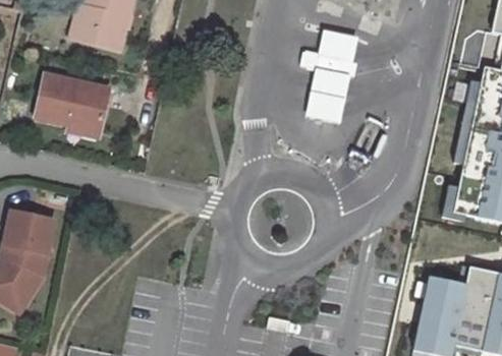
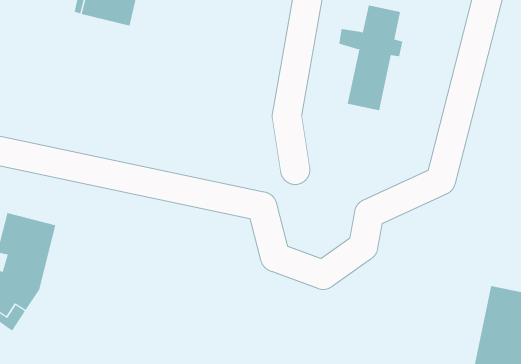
building: [37,75,109,135] -> none

